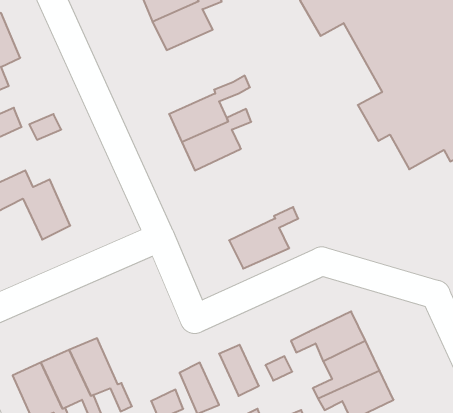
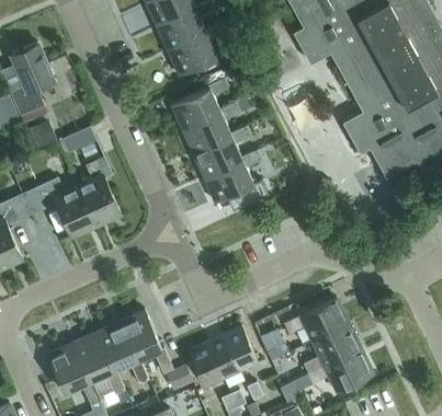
building: none -> [170,79,229,130]
building: none -> [79,157,122,226]
building: [229,207,298,269] -> [203,150,262,203]
building: none -> [120,311,173,373]
building: none -> [207,335,240,379]

